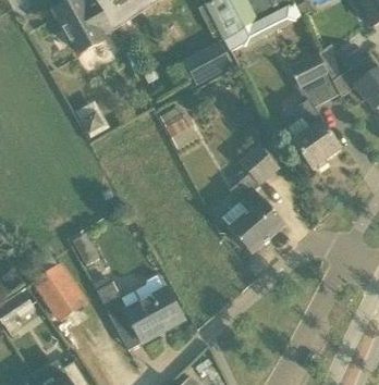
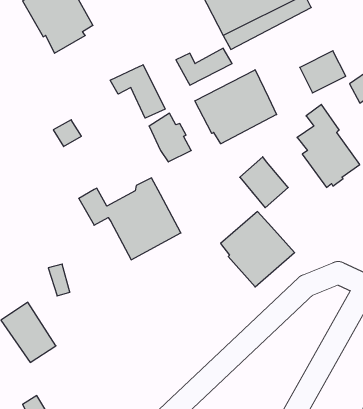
building: none -> [110,65,165,118]
building: none -> [195,70,277,144]
building: [96,273,183,343] -> [79,178,181,260]

